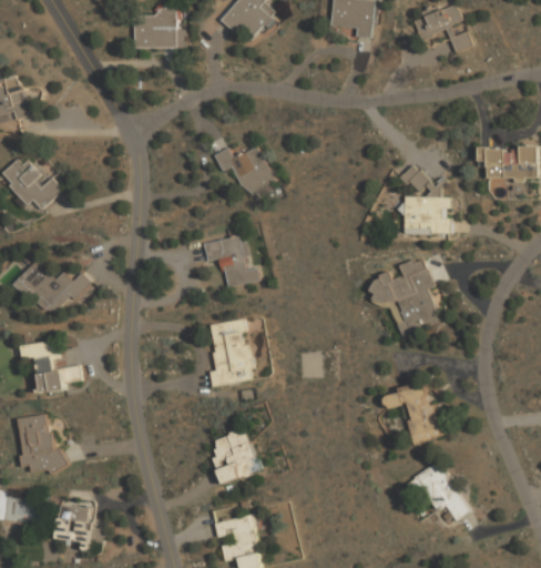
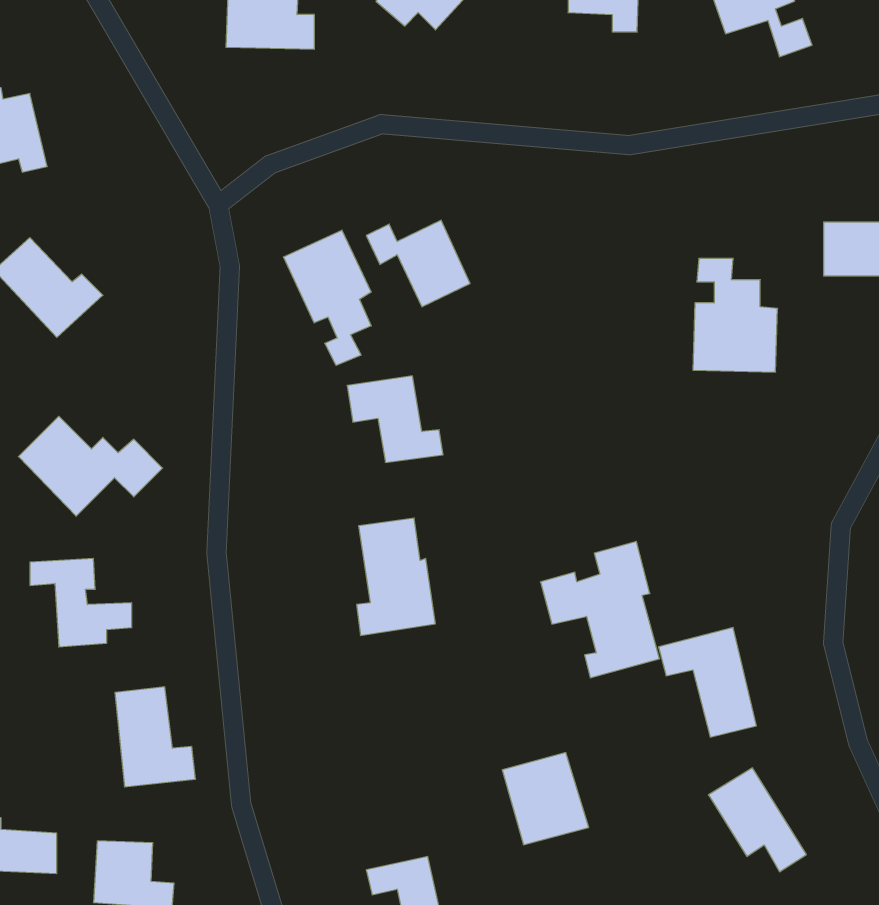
building: none -> [283,230,371,365]
building: [369,256,438,335] -> [540,541,660,678]
building: [18,414,64,471] -> [115,687,196,787]
building: [208,429,258,483] -> [502,753,589,845]

